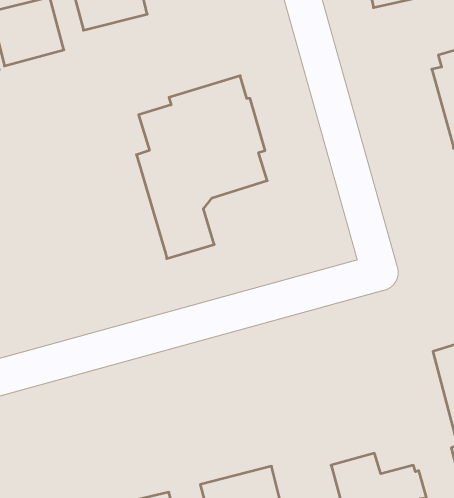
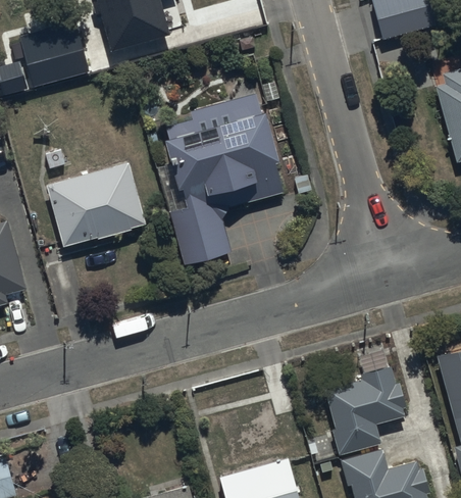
building: none -> [48,163,148,248]
building: none -> [324,368,408,452]

